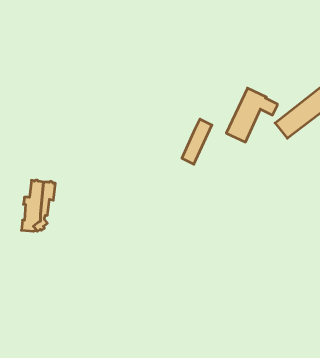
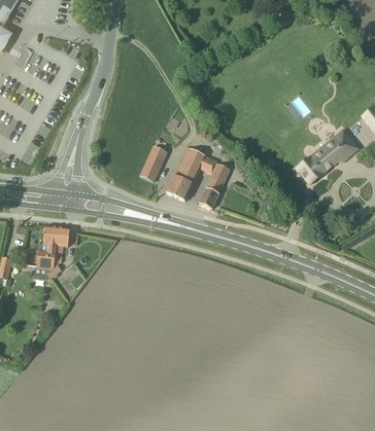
building: [226,88,277,142] -> [165,146,217,202]
building: none -> [139,145,168,182]

